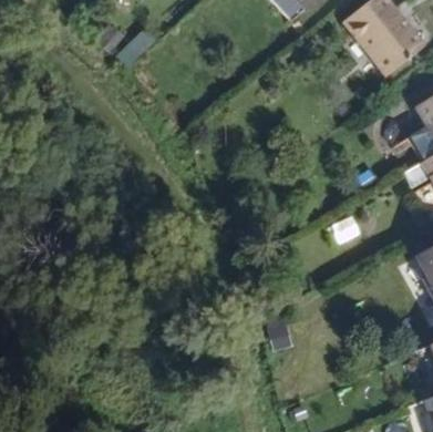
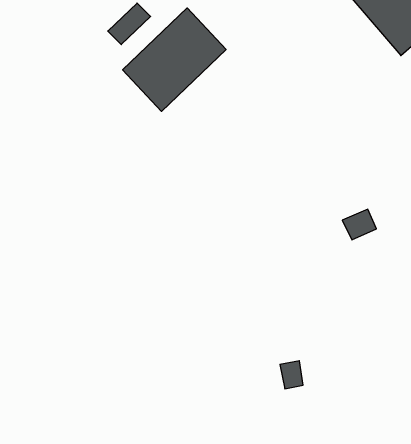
building: none -> [123,8,226,111]

